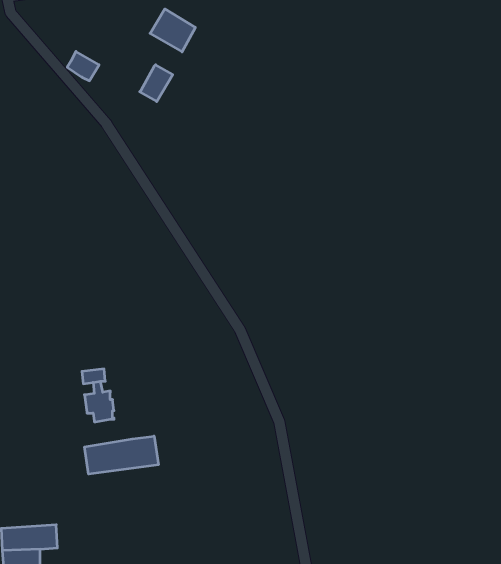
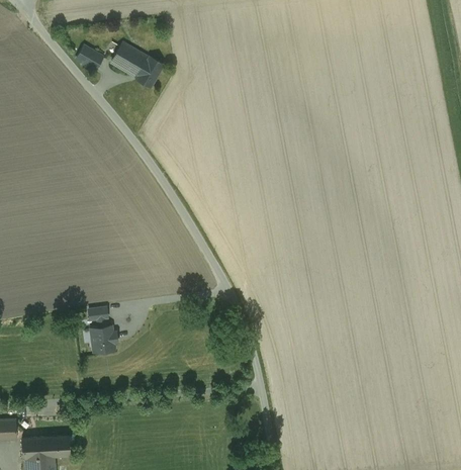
building: [150,9,195,52] -> [111,42,149,78]
building: [85,436,158,474] -> none

